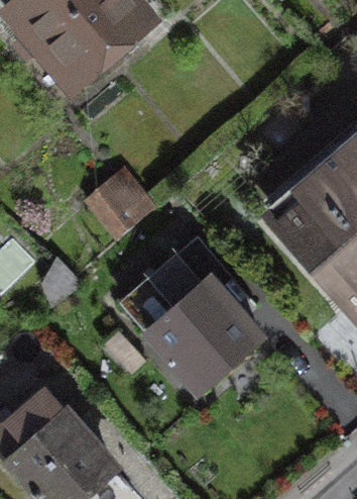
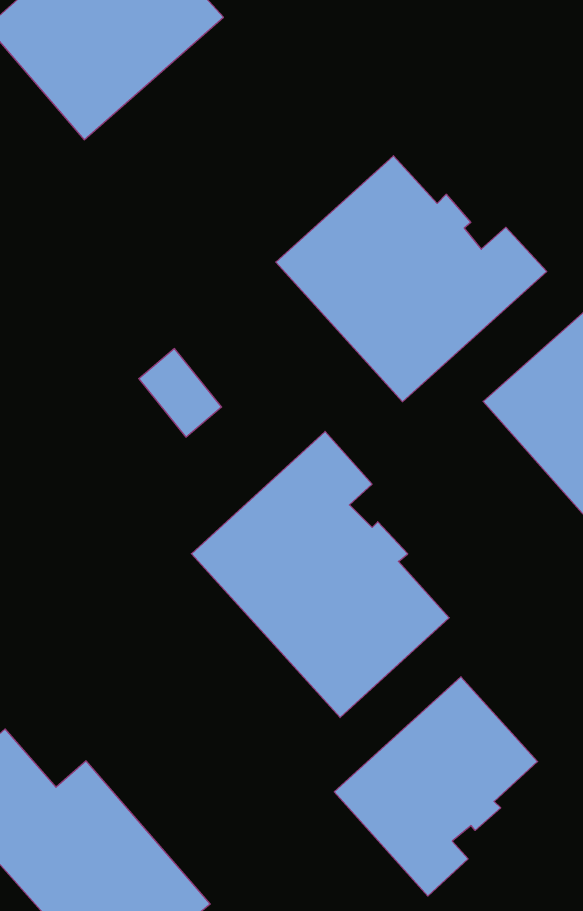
building: none -> [276,156,547,402]
building: none -> [334,677,538,896]

